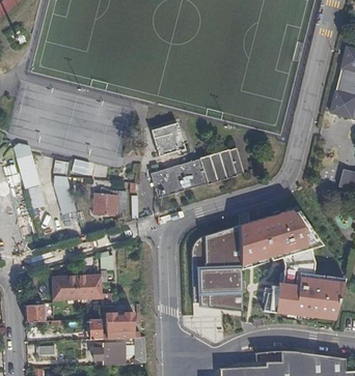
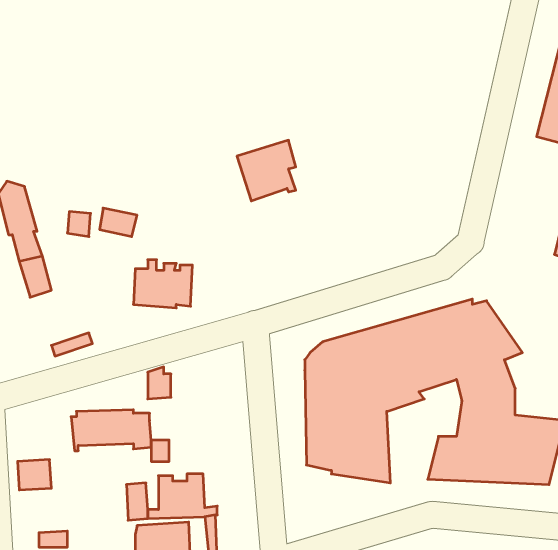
building: [151,148,244,198] -> none
building: [54,174,76,213] -> none

